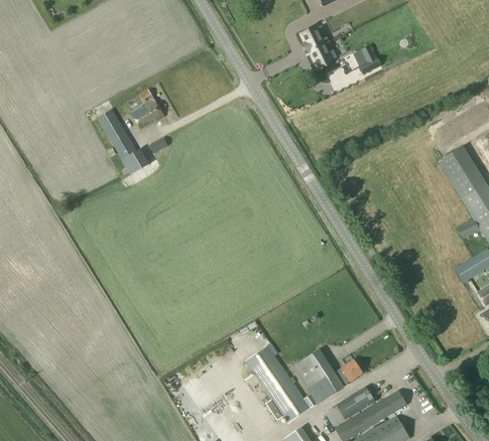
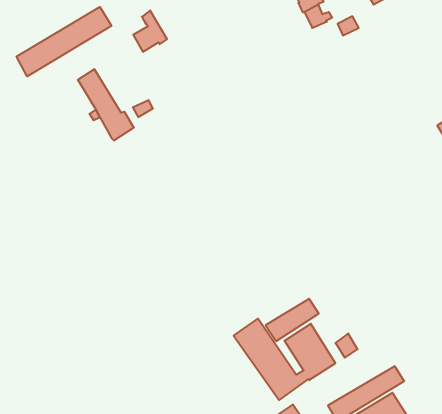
building: none -> [16,7,111,76]
building: [132,89,164,128] -> [133,10,167,52]
building: [325,386,375,426] -> [266,299,319,341]

